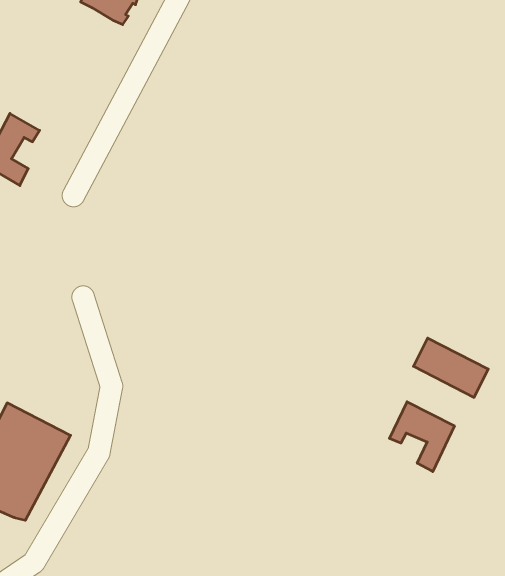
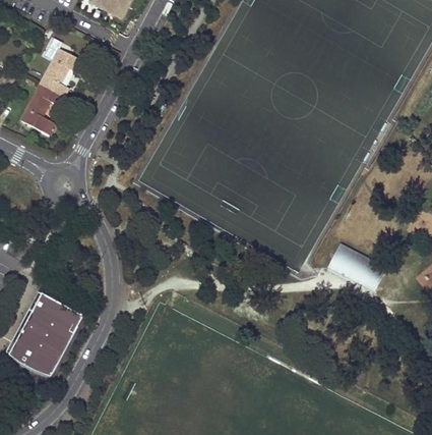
building: none -> [40,47,85,95]
building: [389,402,454,472] -> none

